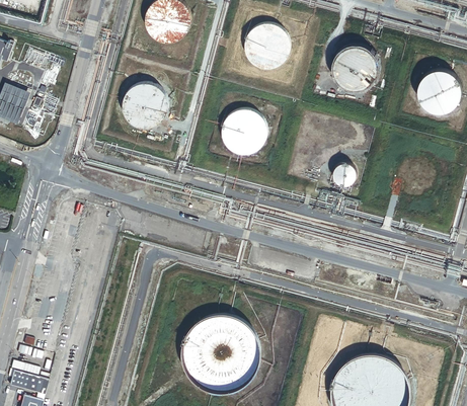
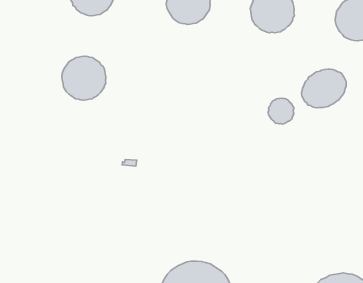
building: [220,108,266,155] -> none
building: none -> [302,69,346,108]

